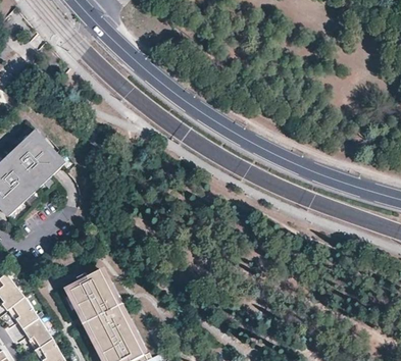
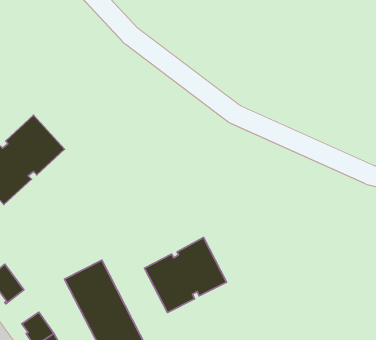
building: none -> [144,238,227,312]
building: [7,297,39,329] -> none

